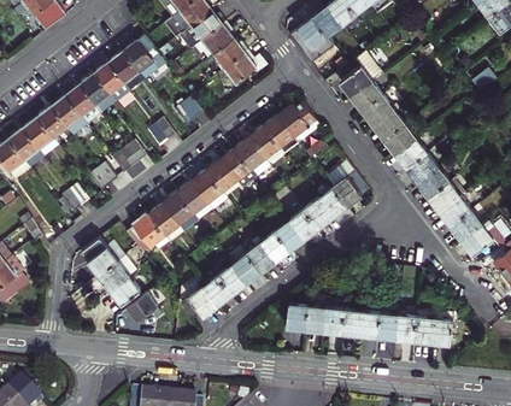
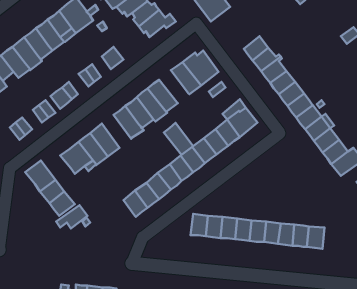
building: [341,52,382,98] -> none
building: [247,124,283,164] -> [164,123,193,155]
building: [176,180,212,220] -> none
building: [181,286,217,319] -> none

